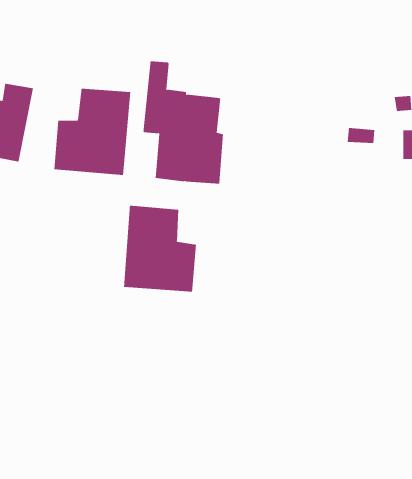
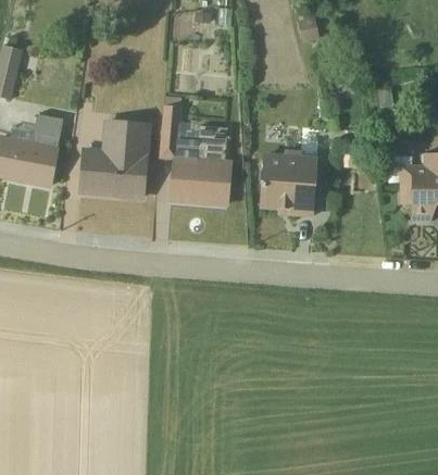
building: none -> [261,141,317,216]
building: [123,205,197,293] -> none

